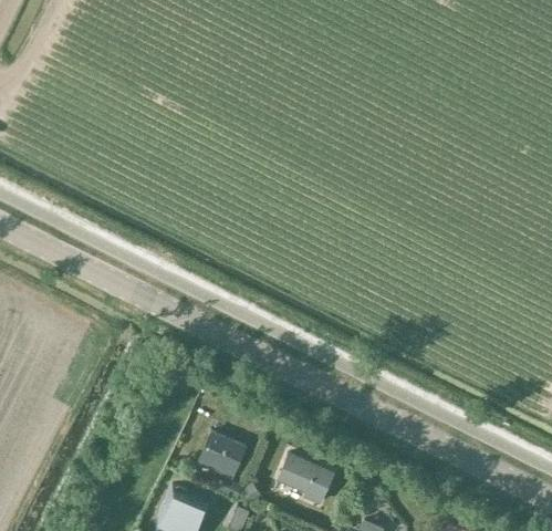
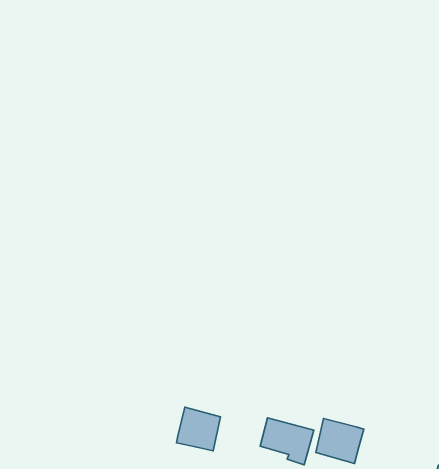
building: none -> [316,418,364,464]

